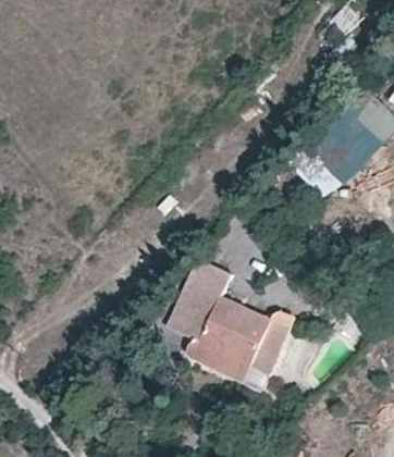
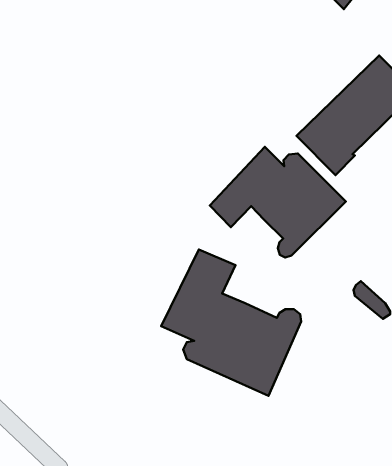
building: none -> [210,147,346,257]

